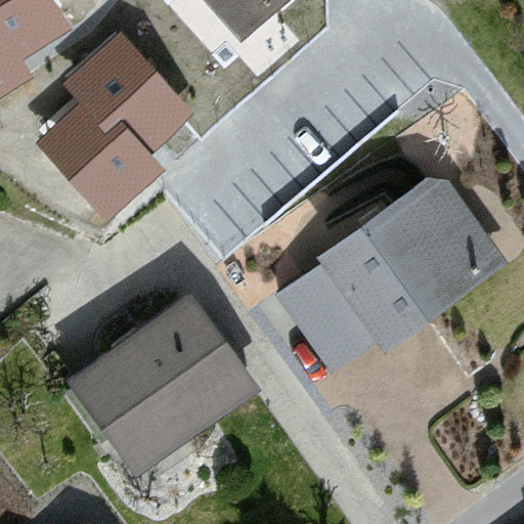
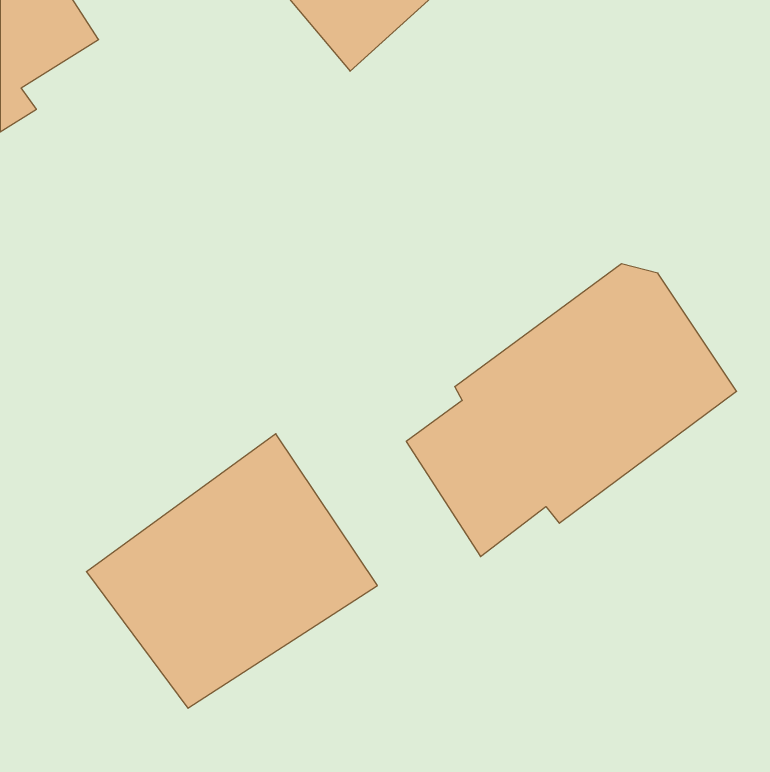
building: [47,35,194,210] -> none

